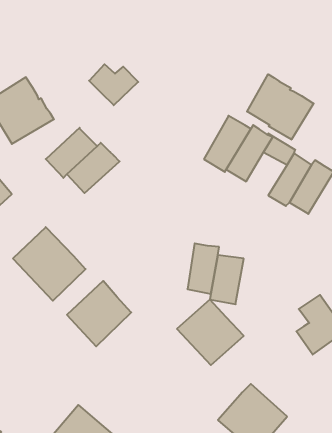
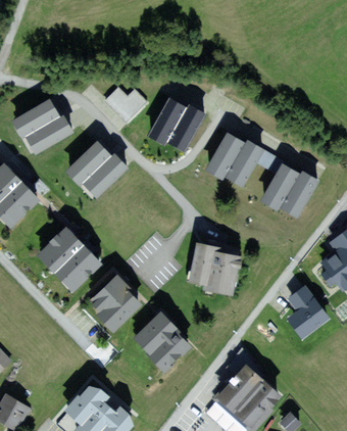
building: [247,74,314,140] -> none
building: none -> [148,98,202,152]
building: [177,300,244,365] -> [130,307,188,365]

